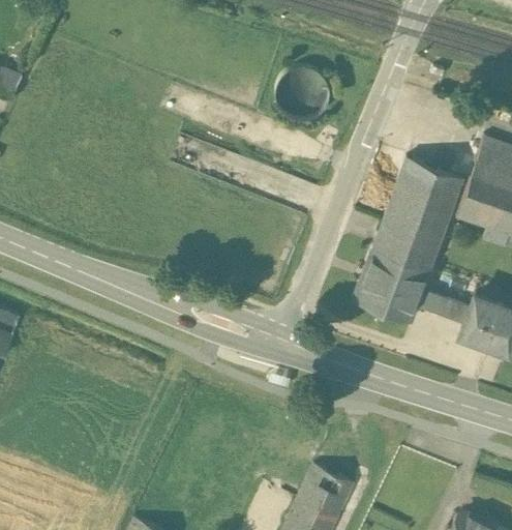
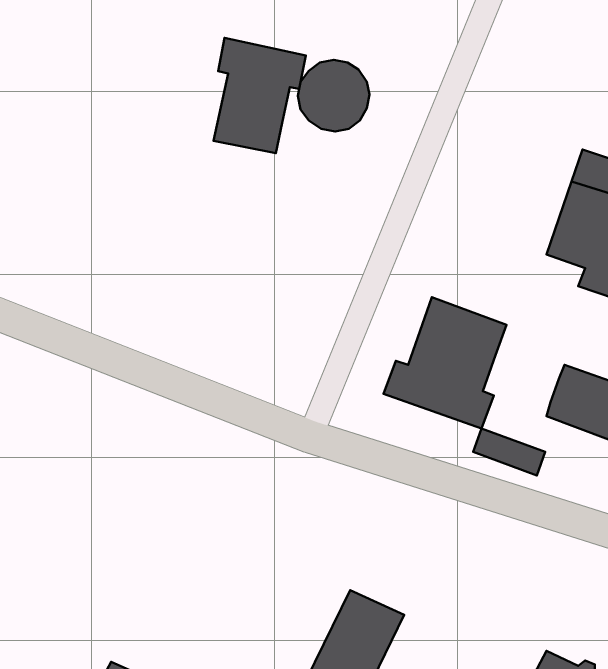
building: none -> [214,38,306,153]
building: [374,155,463,266] -> none
building: [416,289,470,324] -> [473,428,545,475]

